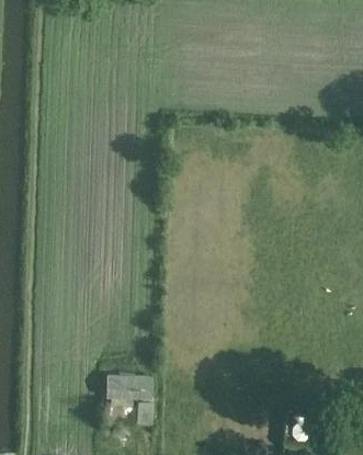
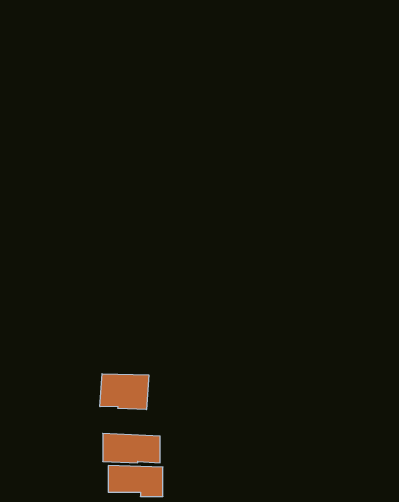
building: none -> [100,374,149,410]

